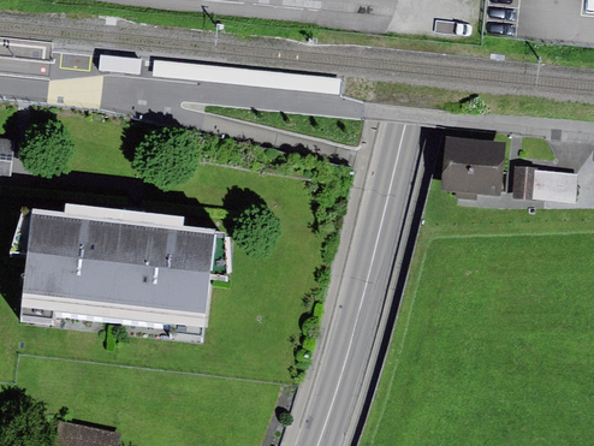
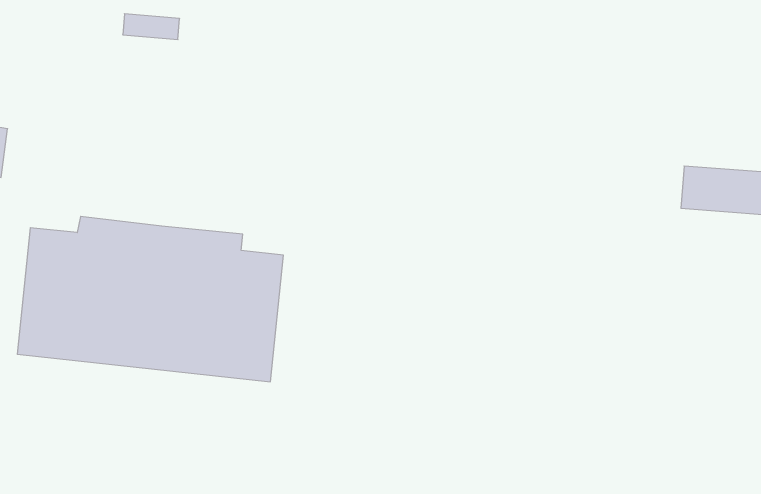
building: [439,135,505,200] -> none

